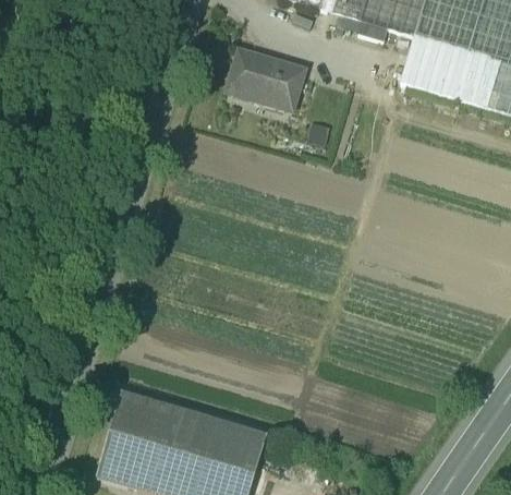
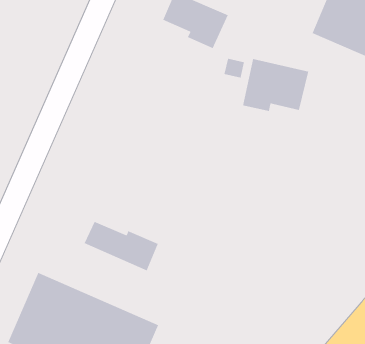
building: none -> [242,58,309,112]
building: none -> [84,221,159,271]

